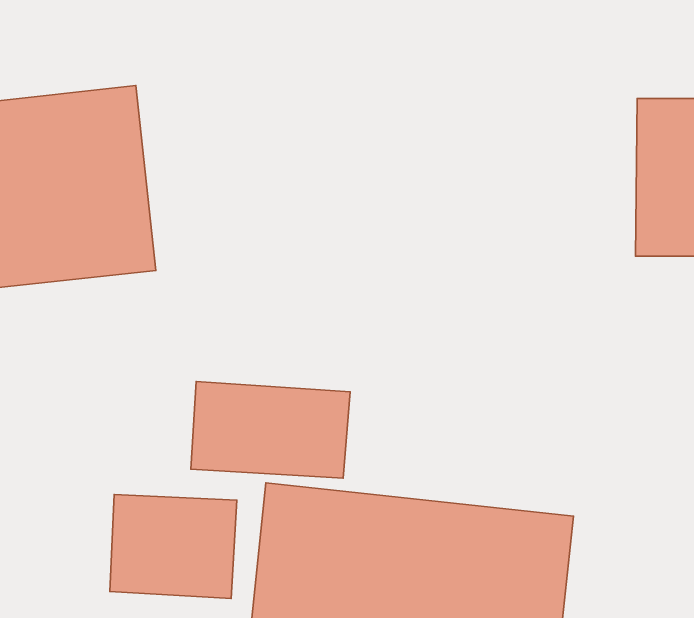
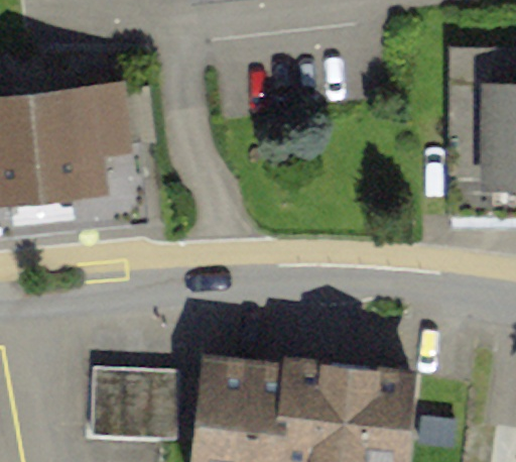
building: [191,381,350,478] -> none

